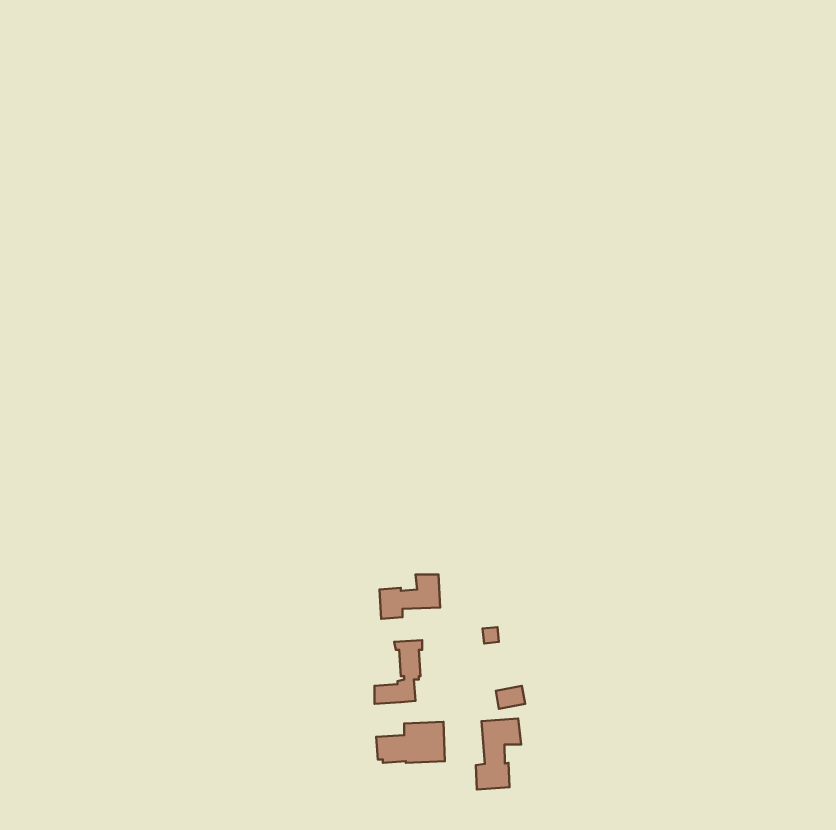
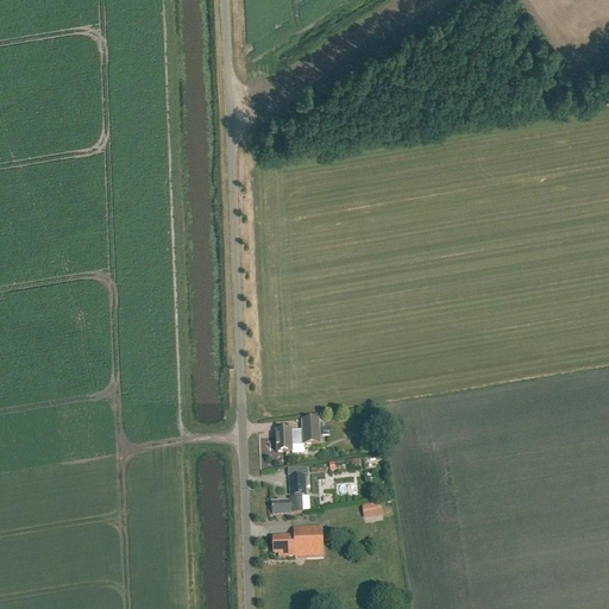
building: [476,719,521,789] -> none

